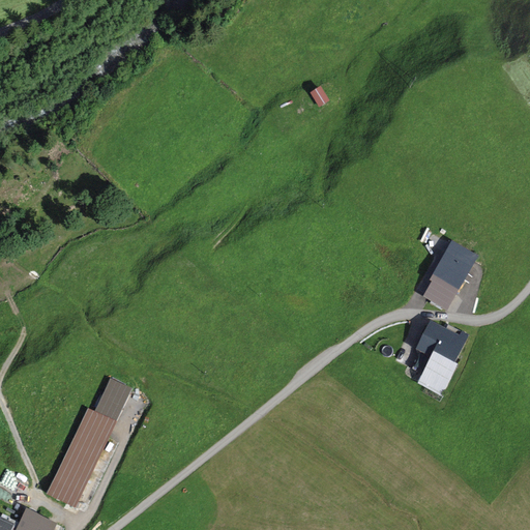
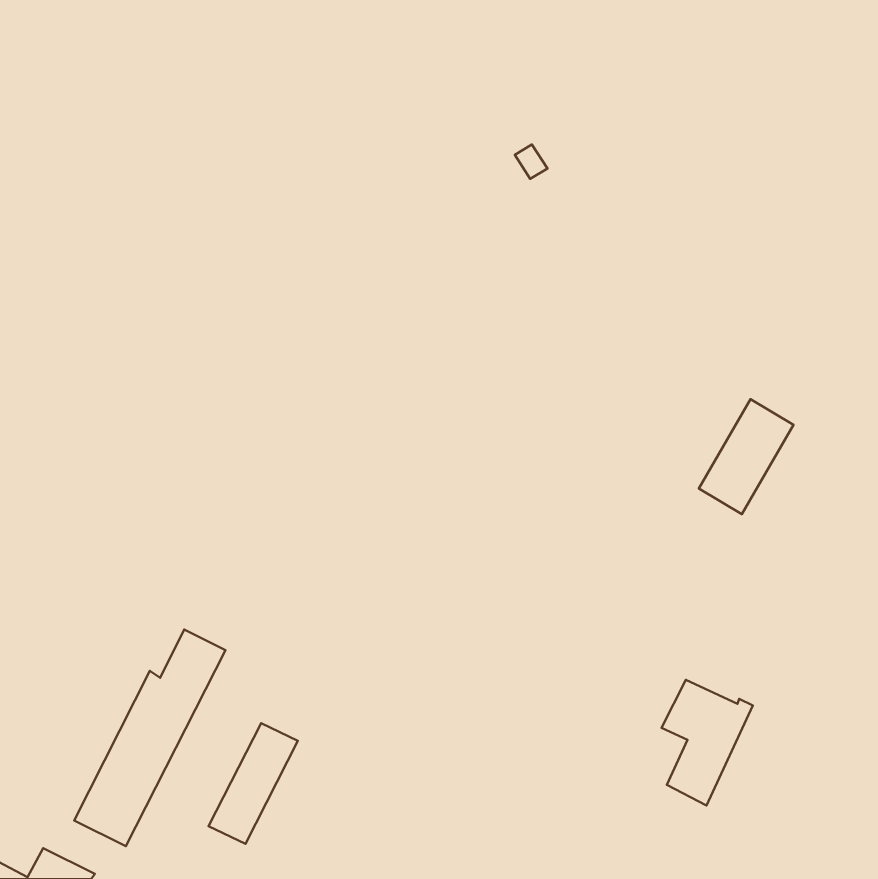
building: [413,320,468,395] -> [662,680,753,805]
building: none -> [209,723,298,844]

